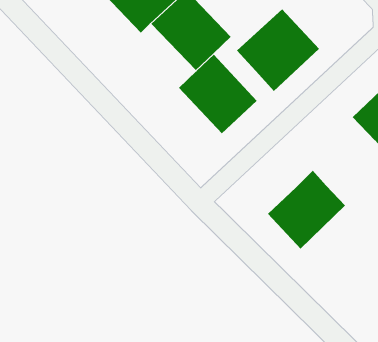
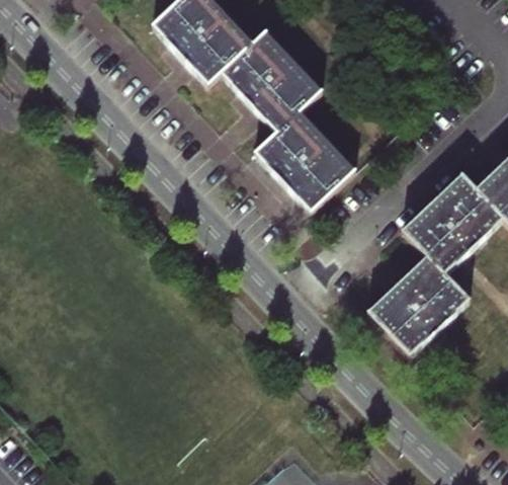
building: [236,9,320,92] -> none
building: none -> [401,175,502,274]

